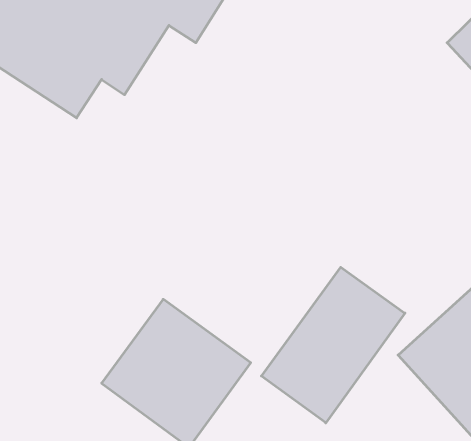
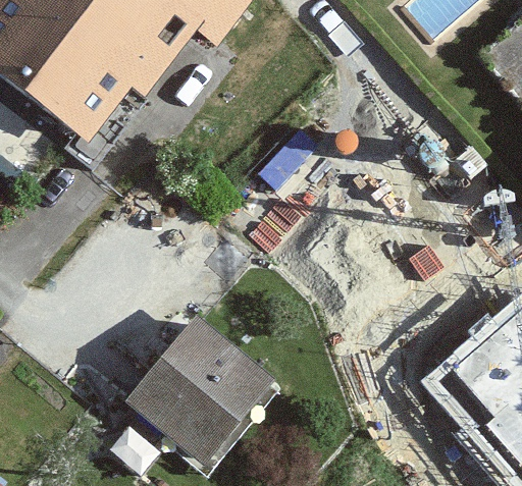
building: [261,267,405,423] -> none

